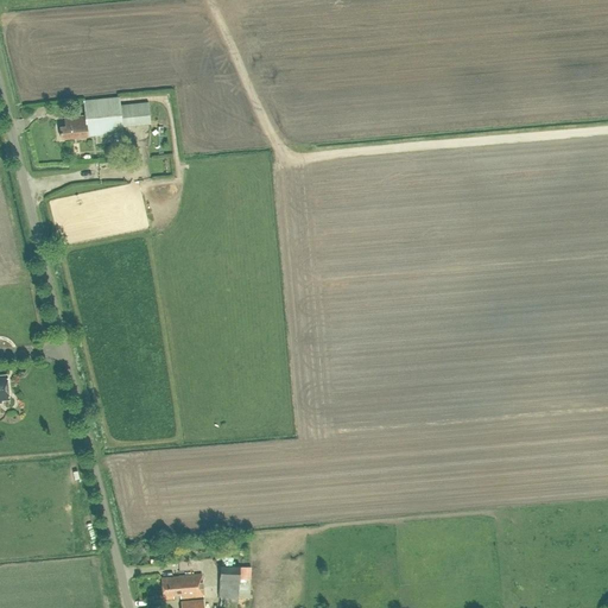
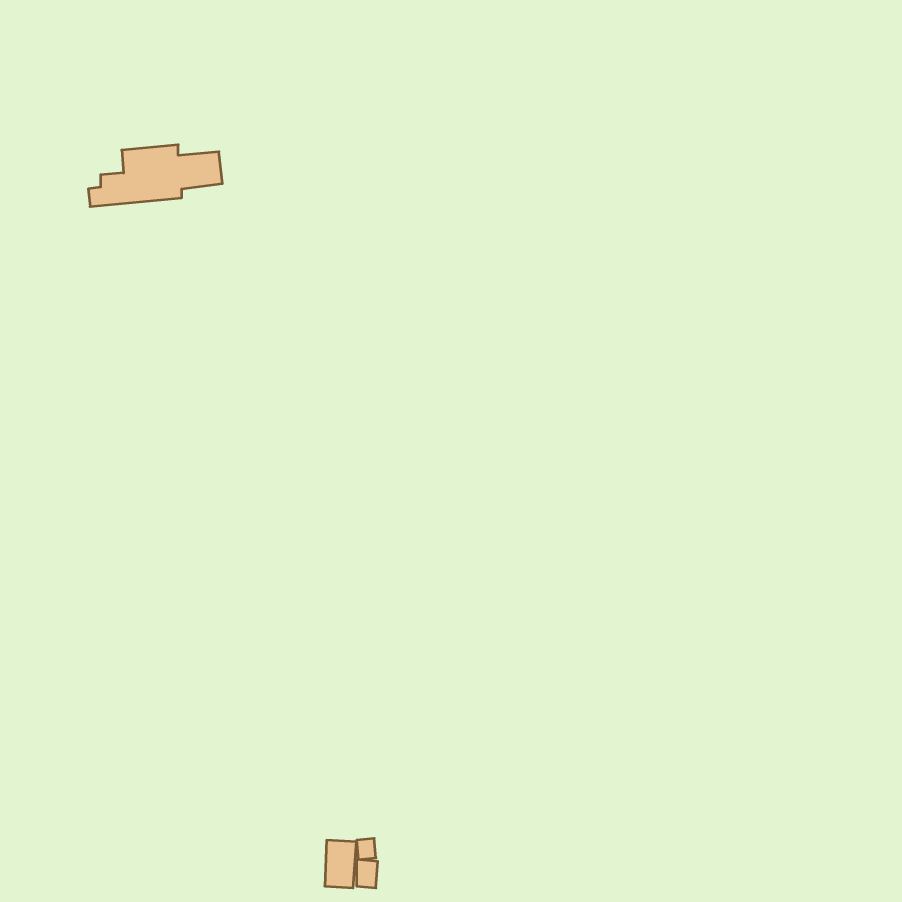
building: [162,574,203,600] -> none

